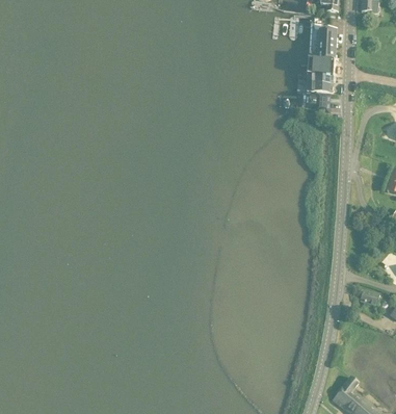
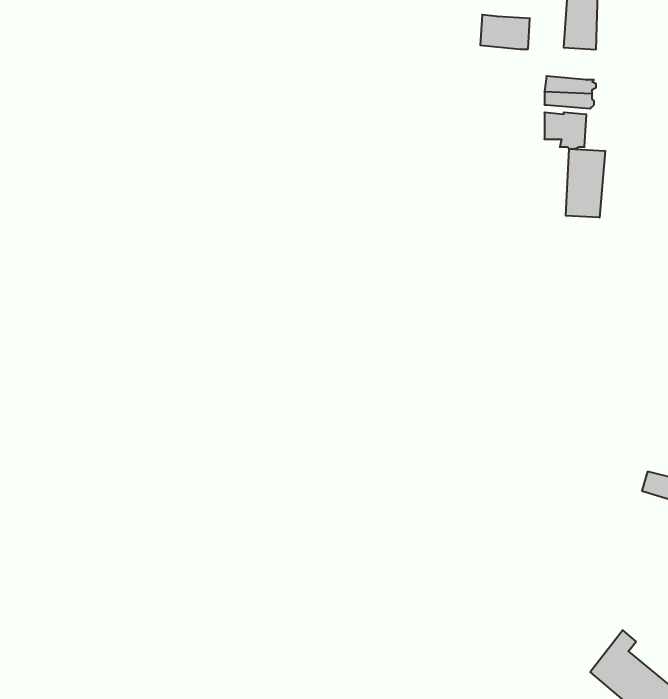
building: [307,57,334,76] -> [480,15,530,49]
building: none -> [566,149,605,218]

